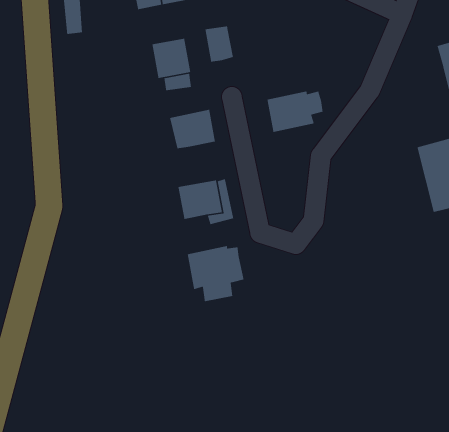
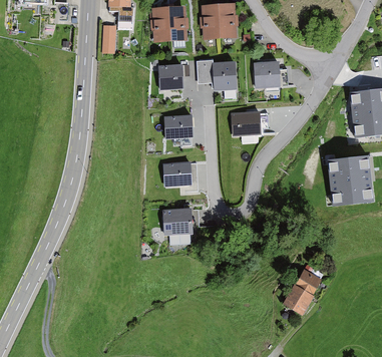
building: none -> [253,61,287,87]
building: none -> [212,61,237,88]
building: none -> [282,264,321,316]

